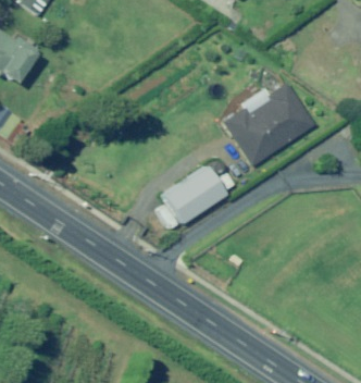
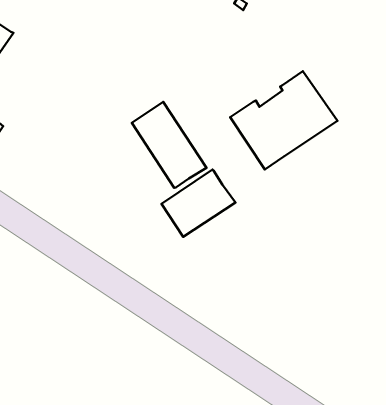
building: none -> [132,102,207,188]

